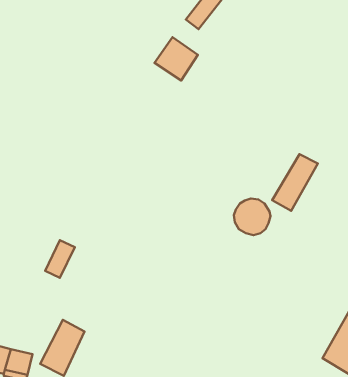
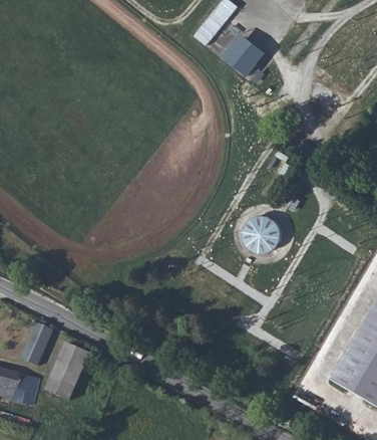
building: [155,37,198,81] -> [223,30,267,74]
building: [272,154,318,211] -> none
building: [45,240,75,278] -> [23,321,53,360]

